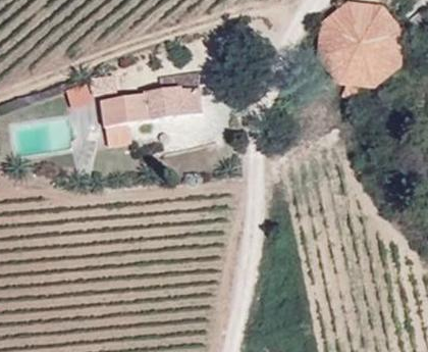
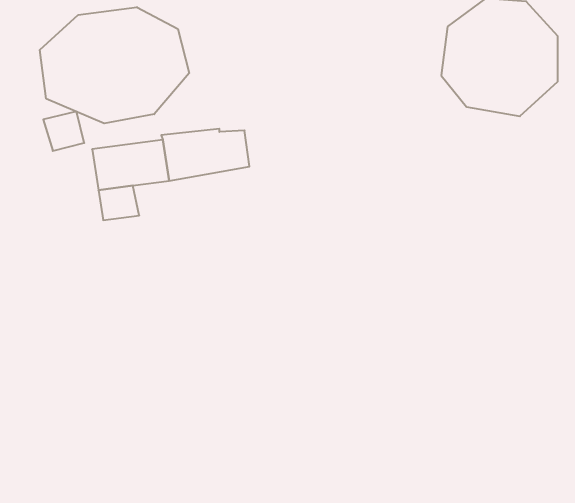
building: none -> [40,7,189,123]

